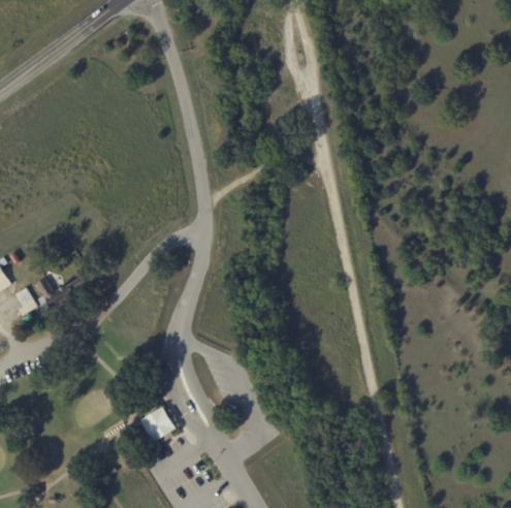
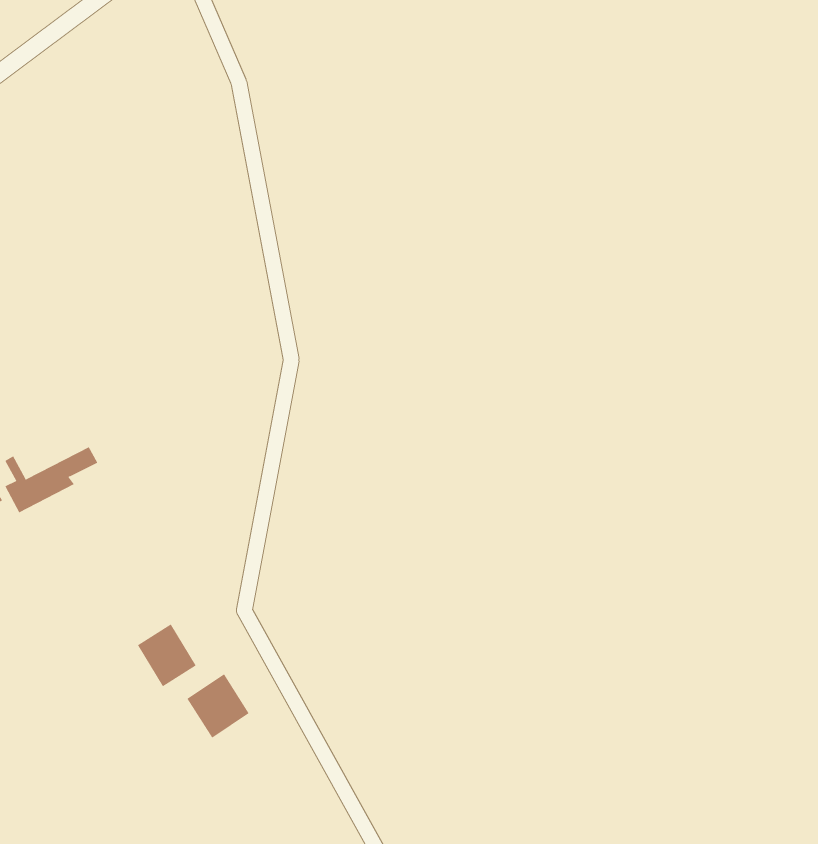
building: none -> [137,624,197,687]

